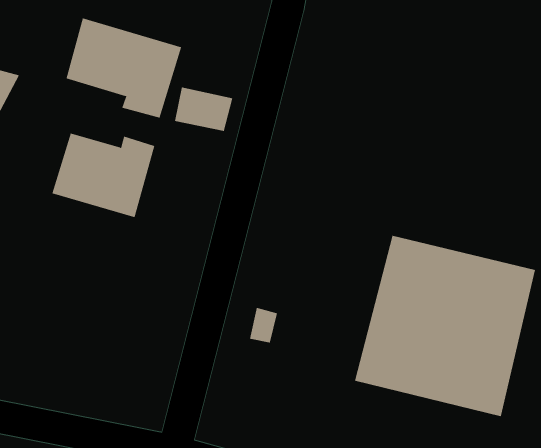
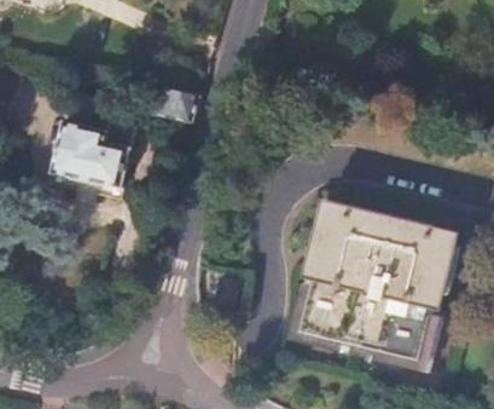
building: [66,18,182,118] -> none

